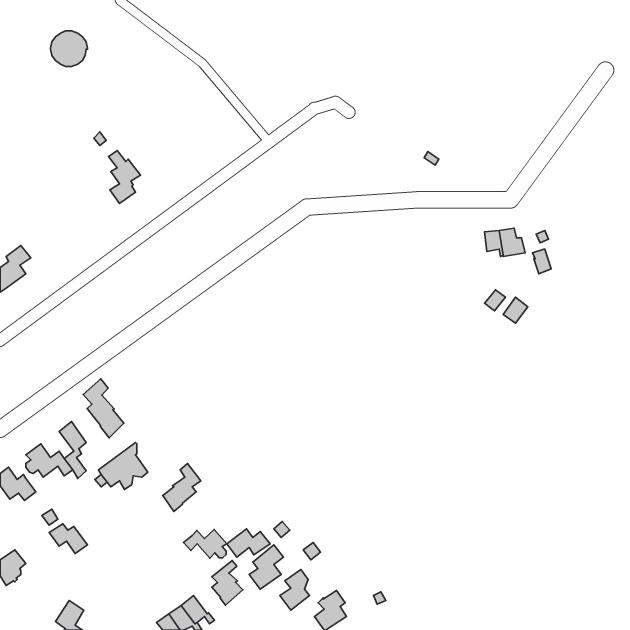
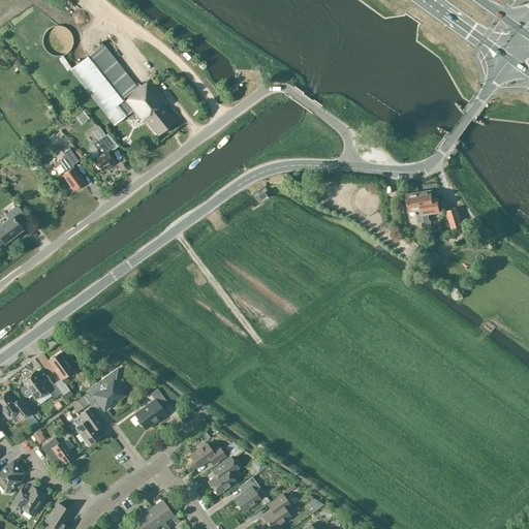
building: none -> [70,43,176,135]
building: none -> [59,148,84,190]
building: [83,379,124,438] -> none
building: none -> [75,407,102,445]
building: [184,529,227,558] -> none
building: [212,561,243,605] -> none
building: none -> [9,487,44,515]

